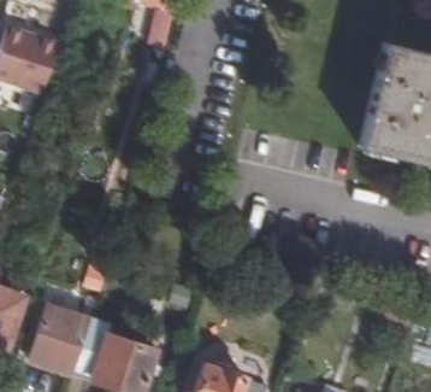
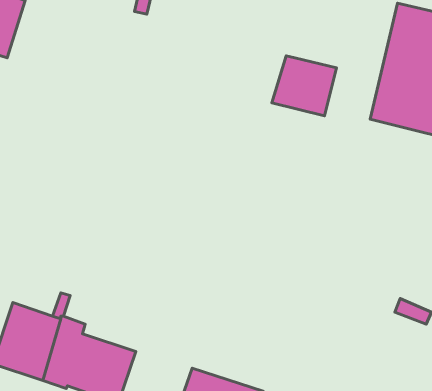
building: none -> [272,56,336,116]

